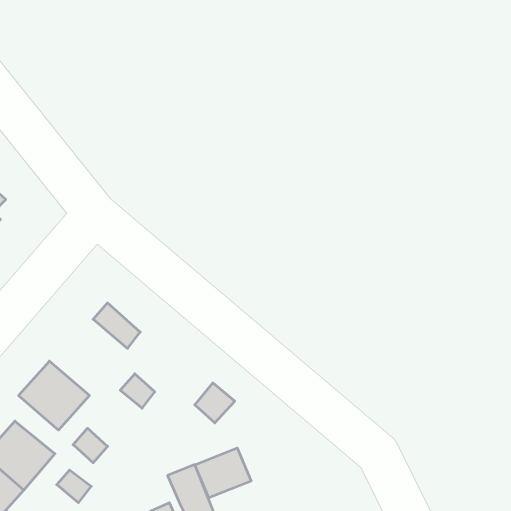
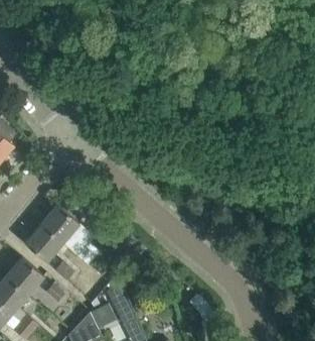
building: none -> [41,204,80,243]
building: [195,448,251,498] -> none

